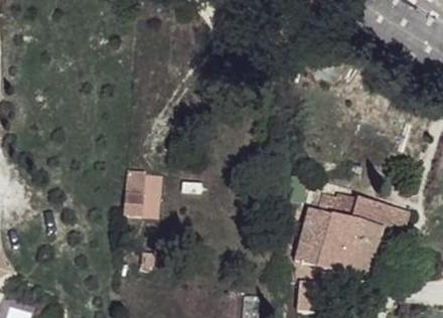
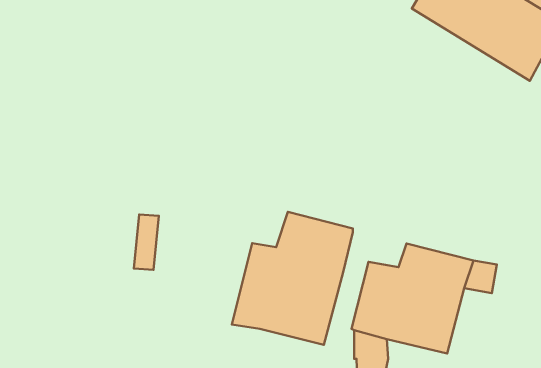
building: none -> [232,212,353,345]

